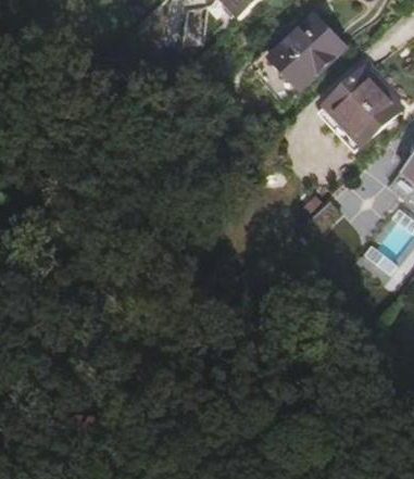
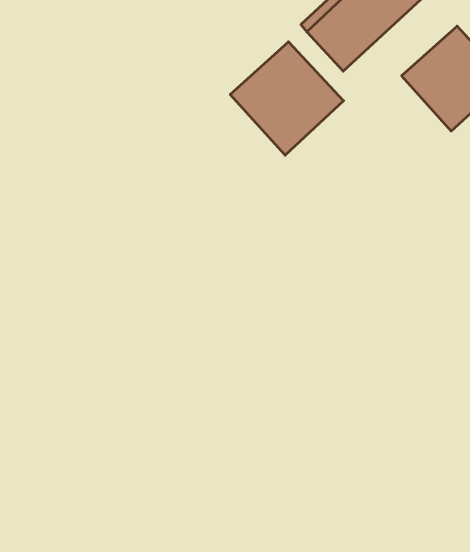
building: none -> [230,42,344,155]

